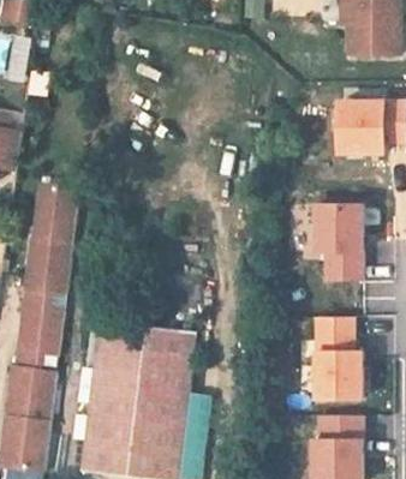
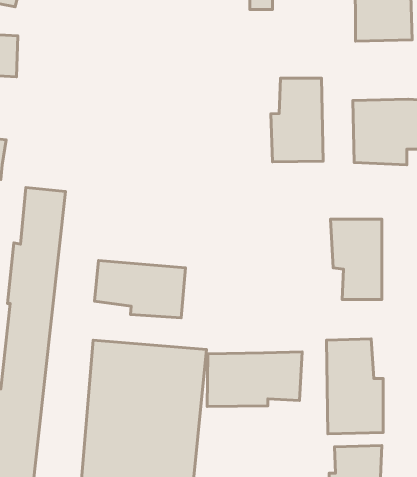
building: none -> [271,78,323,162]
building: none -> [94,261,186,318]
building: none -> [207,352,302,407]

